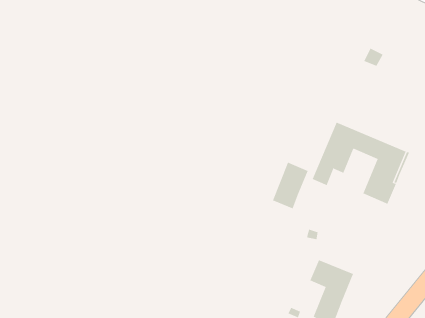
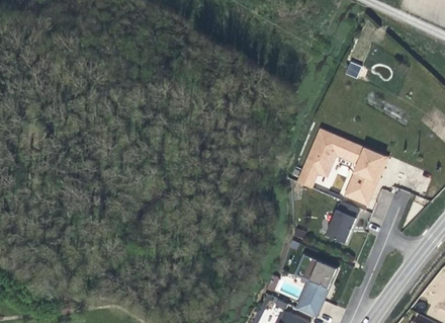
building: [272,162,309,209] -> [327,199,360,243]

